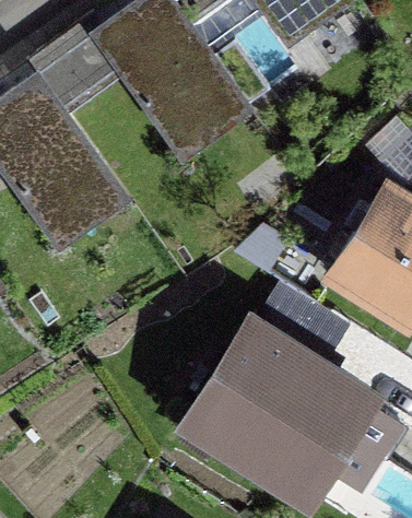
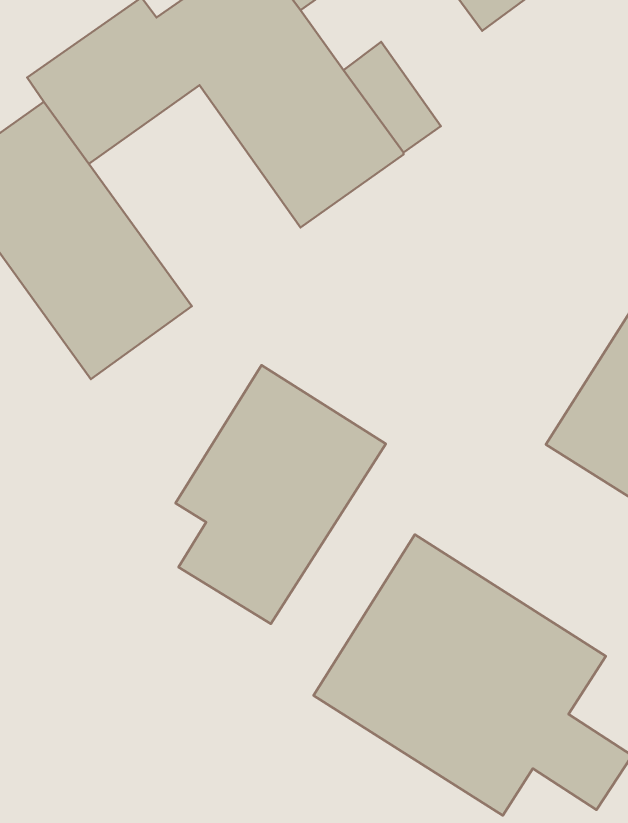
building: none -> [176,365,386,624]

